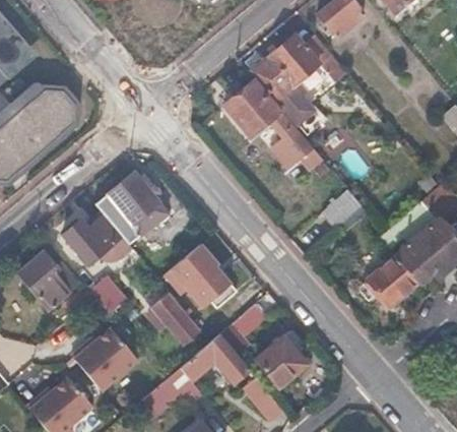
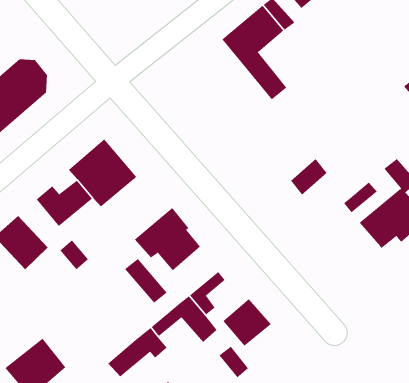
building: [225,81,323,169] -> none
building: [370,258,417,308] -> none
building: [75,327,138,390] -> none

